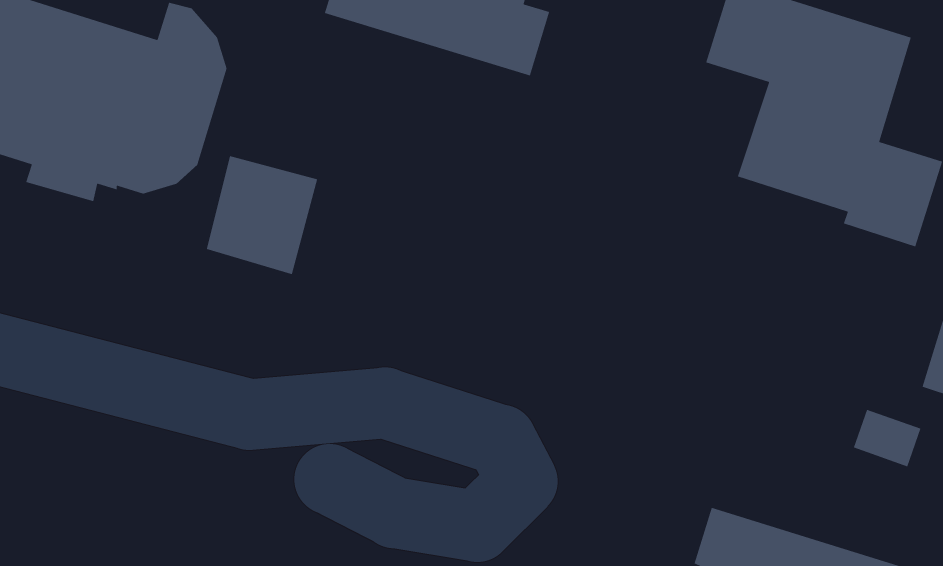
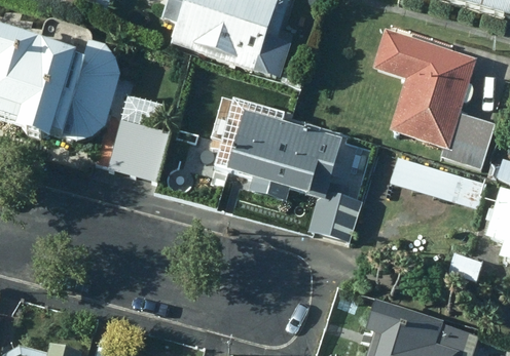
building: none -> [215,97,362,240]
building: none -> [391,153,474,202]

